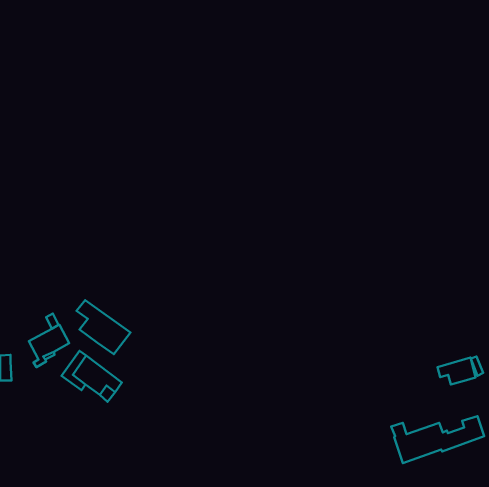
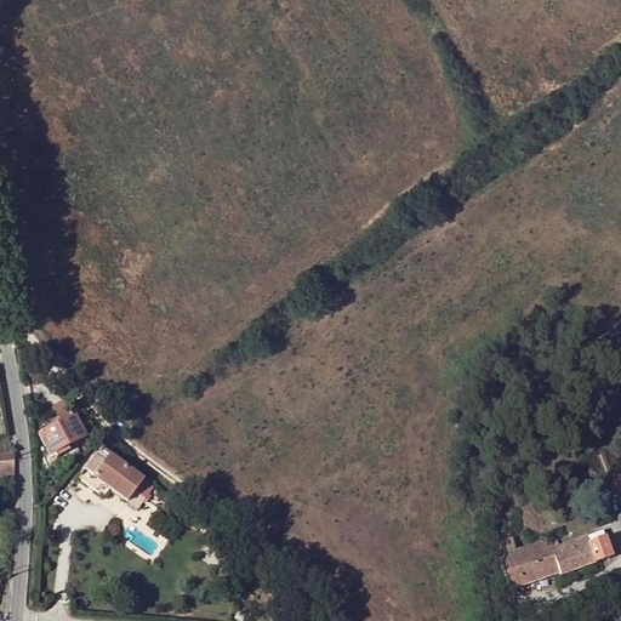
building: [77,300,131,354] -> none
building: [438,358,476,385] -> none

